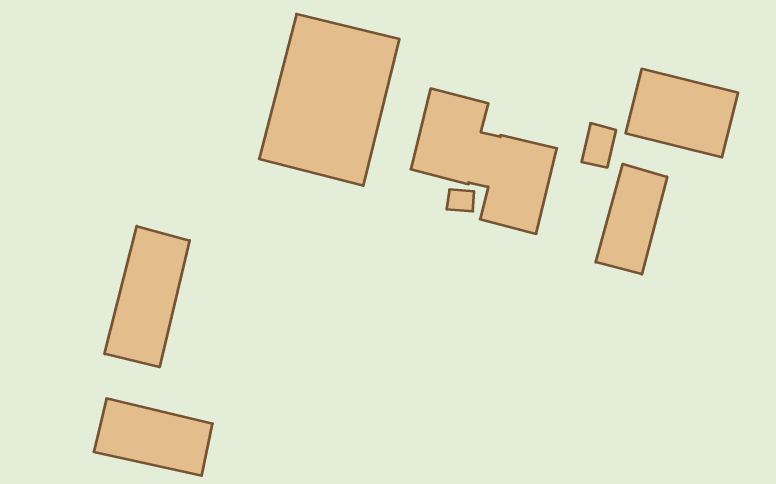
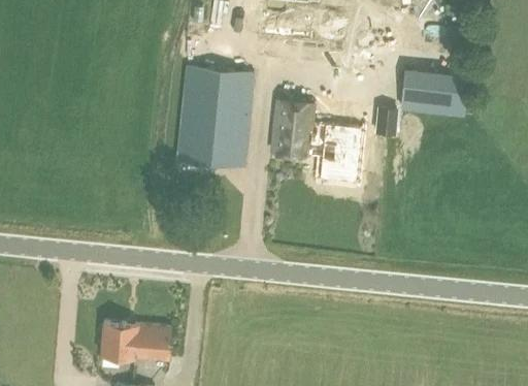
building: [596,164,667,274] -> none
building: [105,226,190,367] -> none

